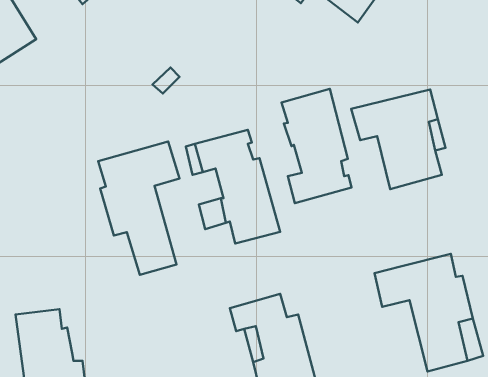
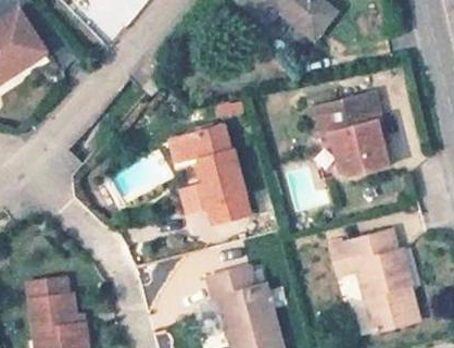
building: [282,89,352,203] -> none
building: [98,142,179,275] -> none

